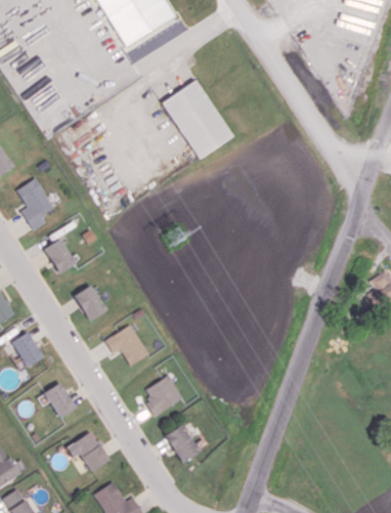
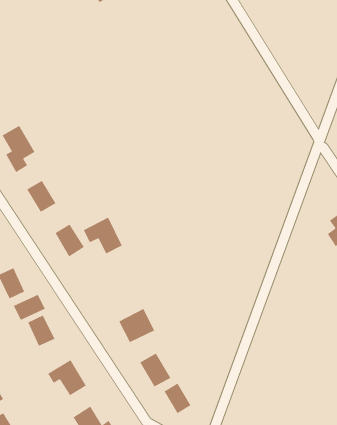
building: [162,80,232,159] -> none
building: [104,325,147,366] -> [83,217,123,255]
building: none -> [13,294,46,321]
building: none -> [164,383,191,414]

